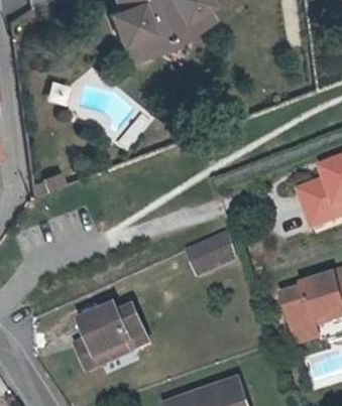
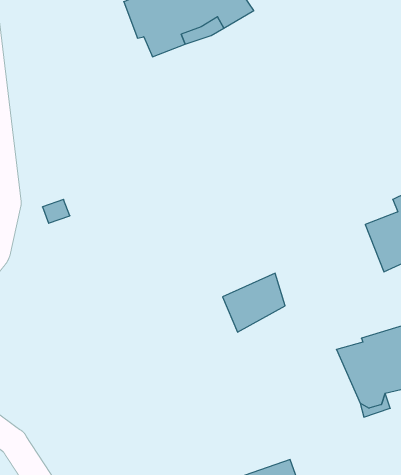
building: [71,301,149,371] -> none

